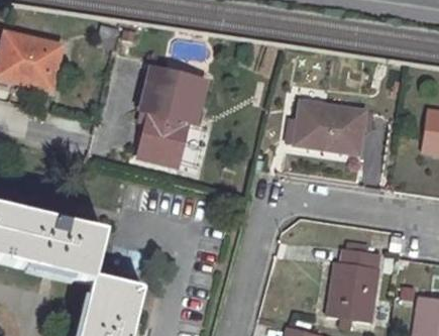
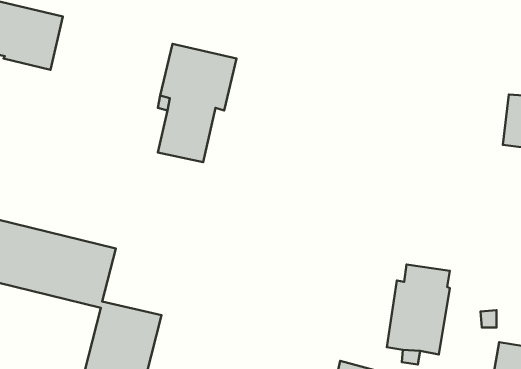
building: [295,100,366,153] -> none

